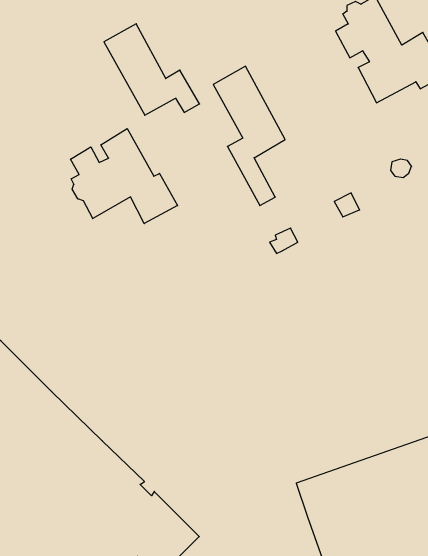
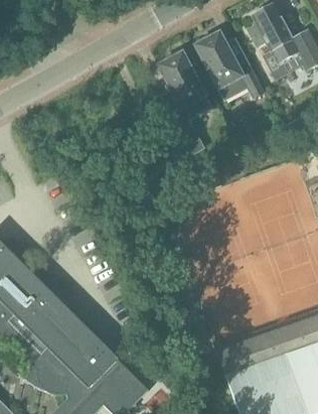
building: [104,24,200,115] -> [195,32,264,98]
building: [71,129,178,224] -> none

